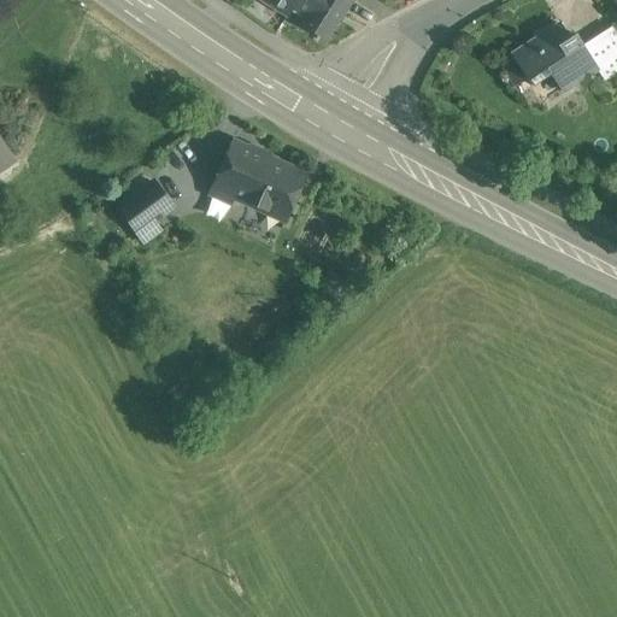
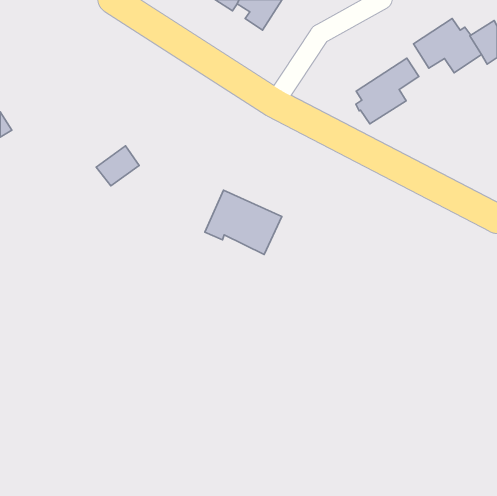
building: none -> [356,58,419,124]
building: [211,140,306,219] -> [205,190,282,254]

